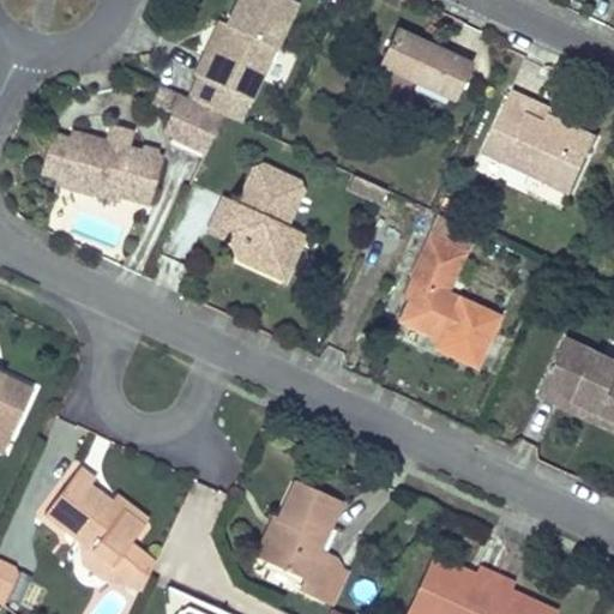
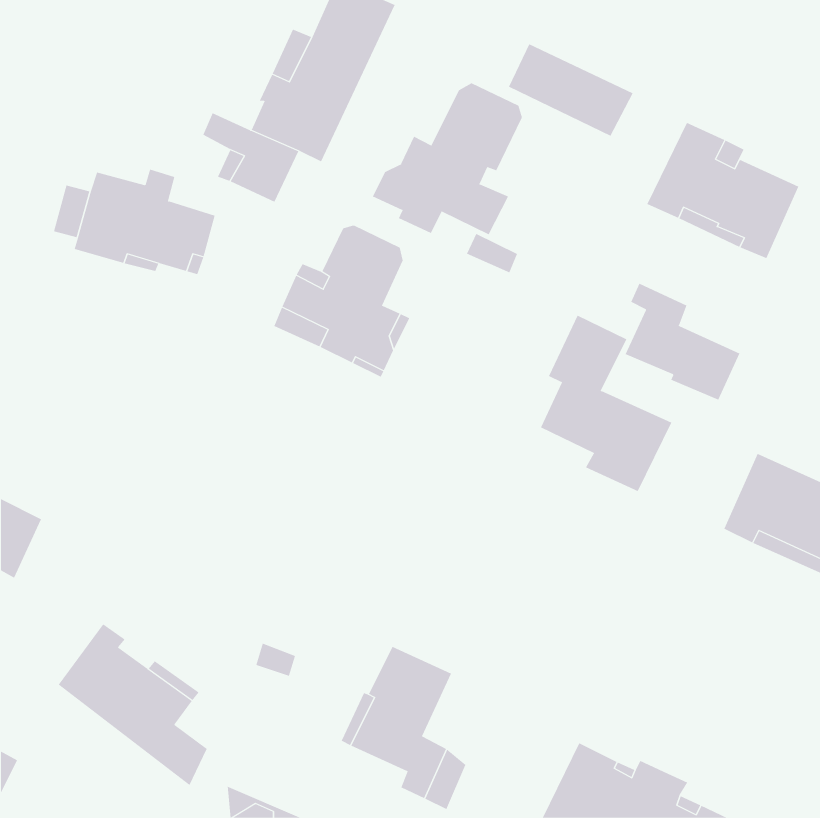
building: none -> [372,82,522,235]
building: none -> [625,283,740,401]

